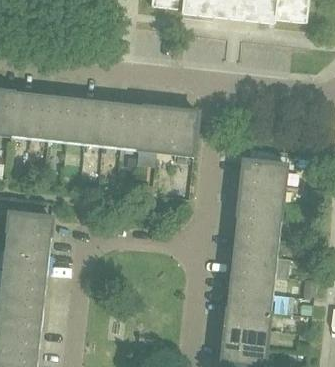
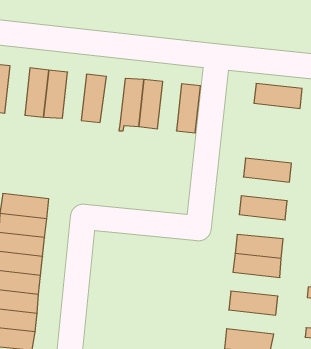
building: [11,91,35,138] -> none
building: [66,97,89,143] -> none
building: [102,101,126,147] -> none
building: [157,106,180,153] -> none
building: [241,160,287,184] -> [254,83,302,108]
building: [237,197,283,220] -> none
building: [233,233,279,256] -> none
building: [227,288,274,311] -> none
building: [223,324,270,347] -> none

